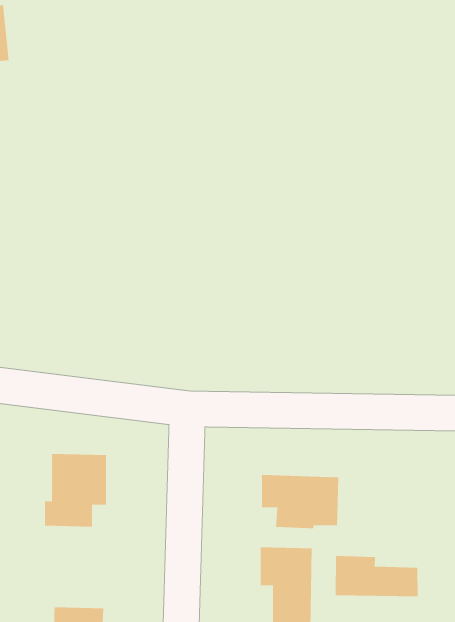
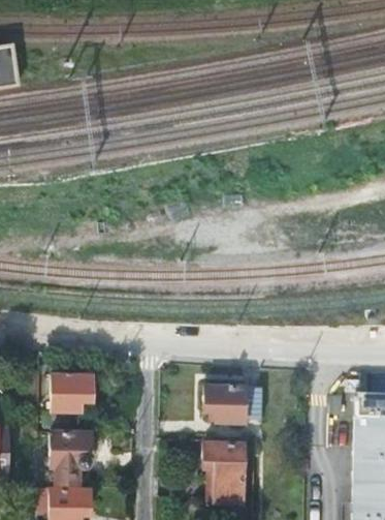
building: none -> [52,432,88,484]
building: [335,555,418,597] -> none

